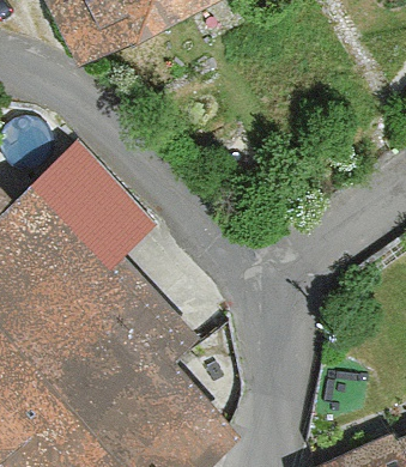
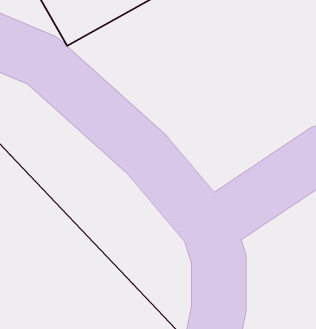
building: [17,151,195,362] -> none

